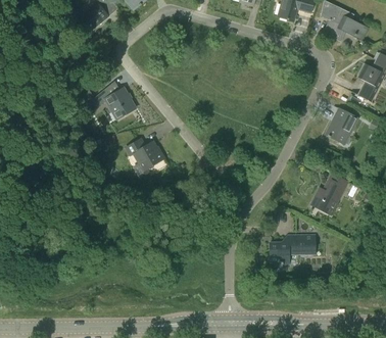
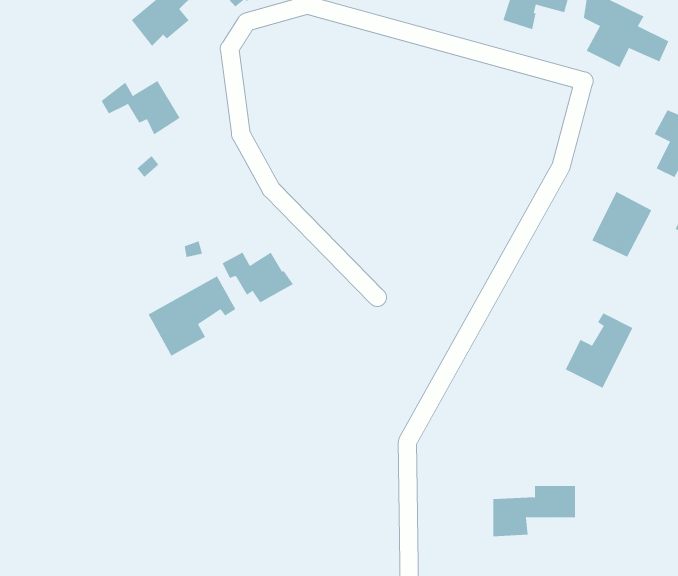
building: [92,88,135,117] -> [101,80,180,135]
building: none -> [148,276,236,356]
building: [270,236,315,263] -> [493,486,576,537]

